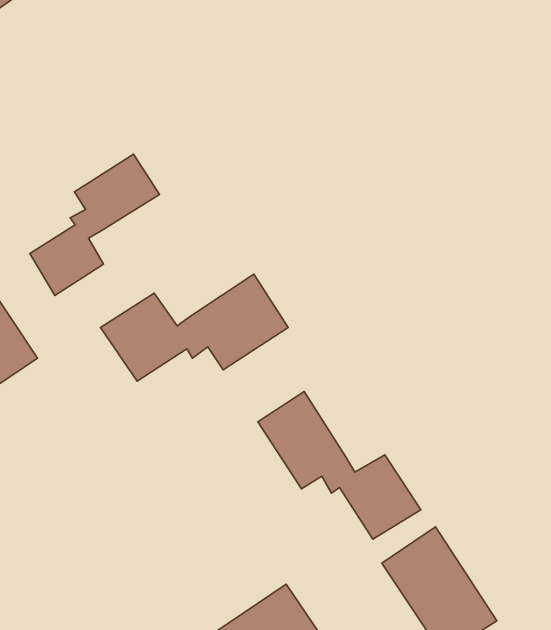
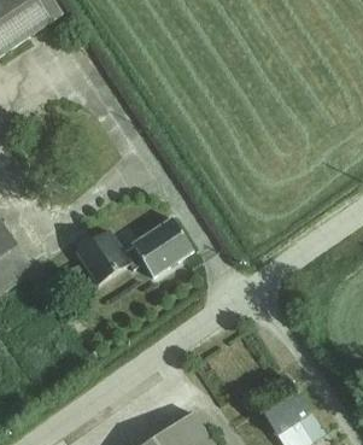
building: [30,154,159,295] -> none
building: [258,391,421,539] -> none

